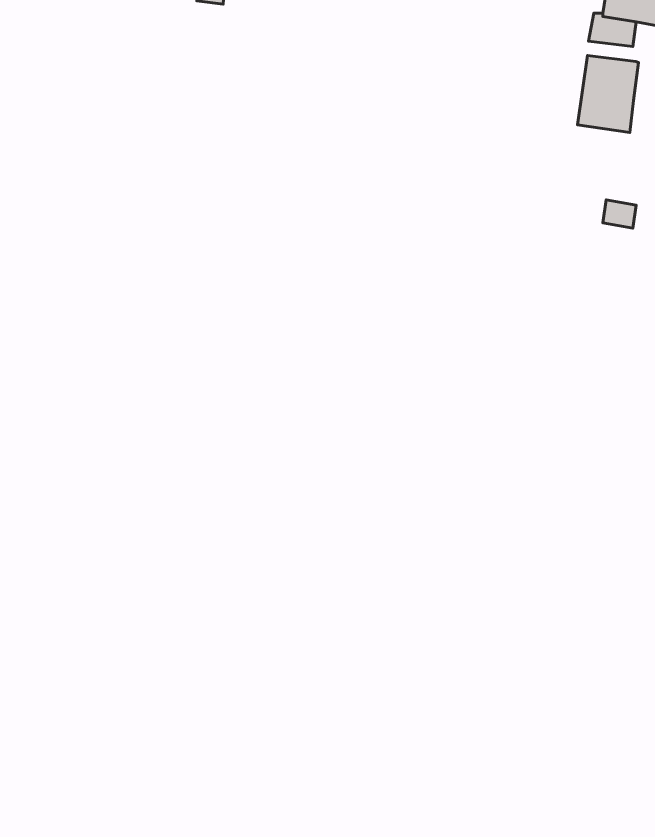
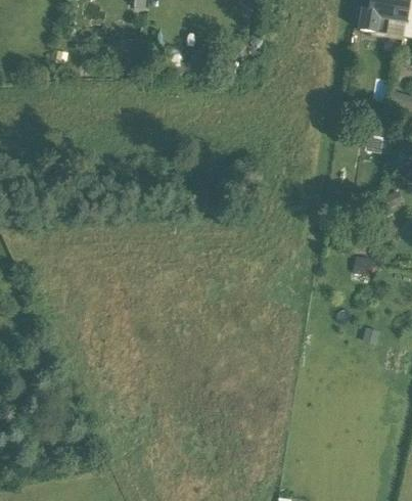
building: [577,56,639,132] -> none

